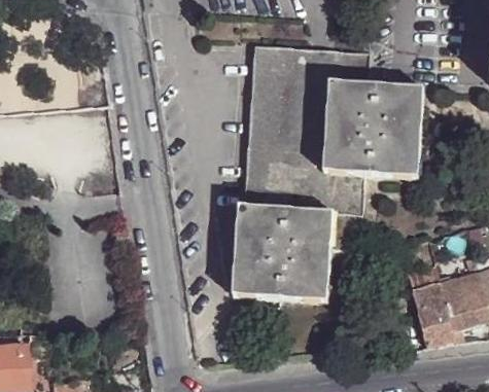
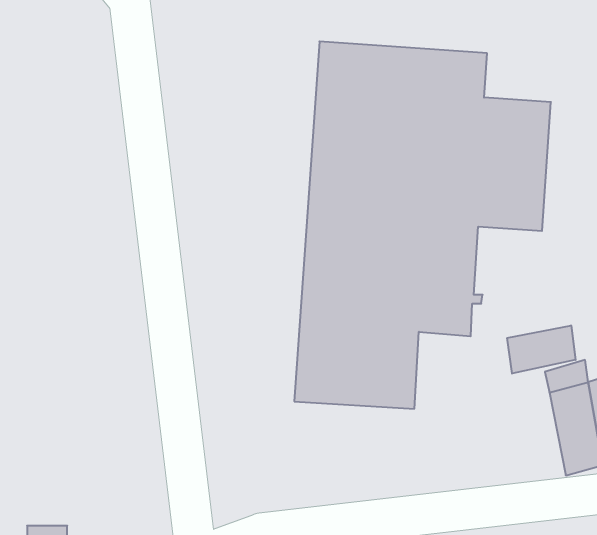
building: none -> [507,325,576,374]

